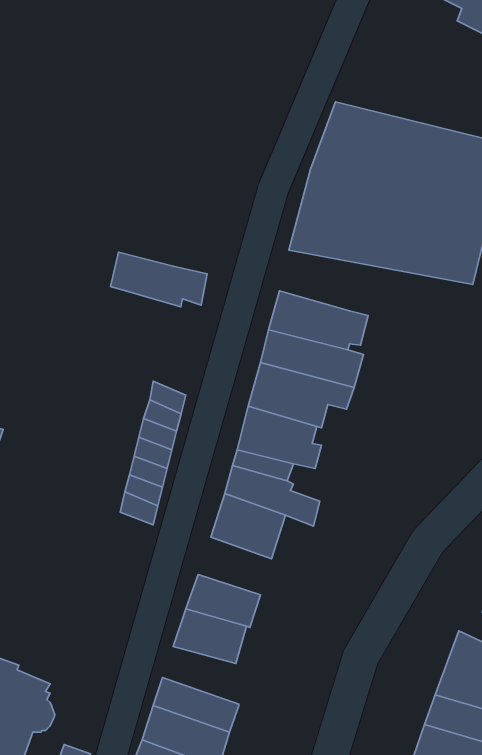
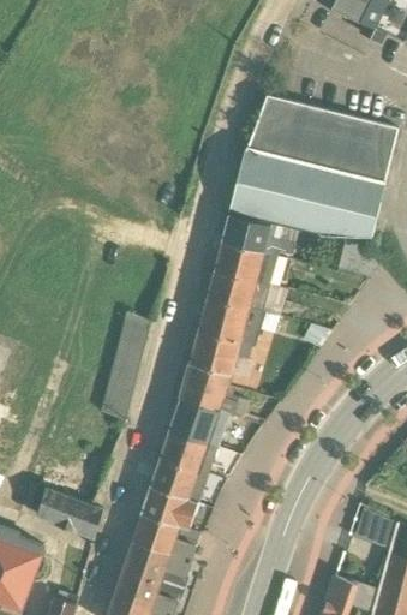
building: [111,252,207,307] -> [222,215,297,257]
building: none -> [160,431,216,476]
building: none -> [36,488,103,538]
building: none -> [132,515,199,560]

